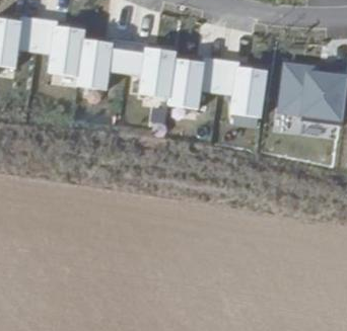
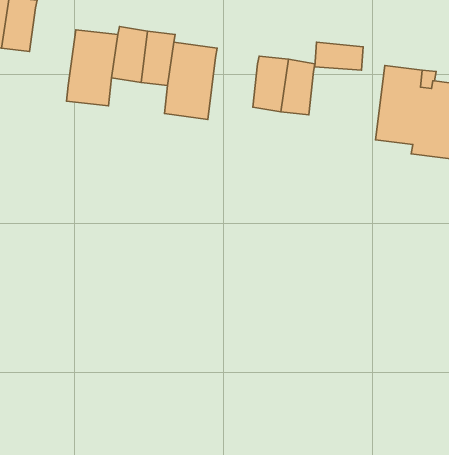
building: [50,26,83,77] -> none
building: [167,59,201,110] -> none
building: [231,68,267,117] -> none

